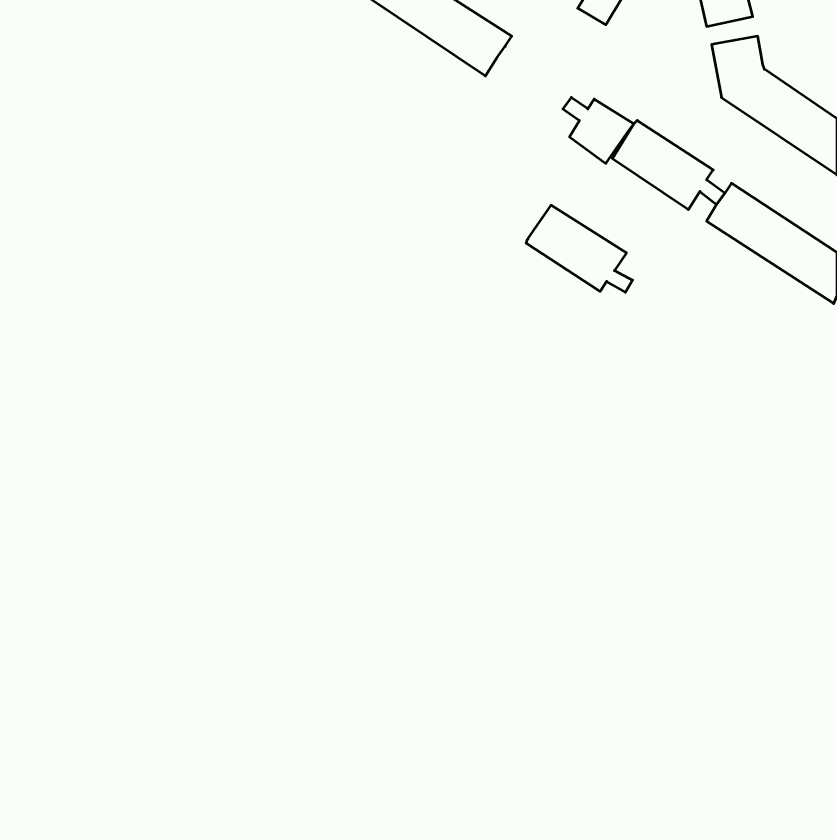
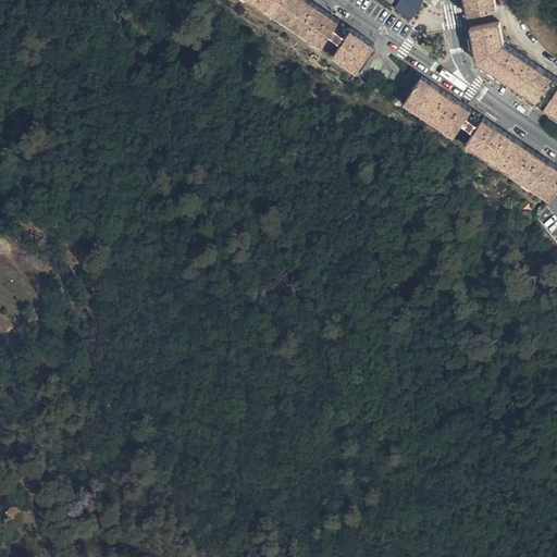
building: [563,97,634,163] -> [327,30,374,74]
building: [526,205,633,292] -> none

